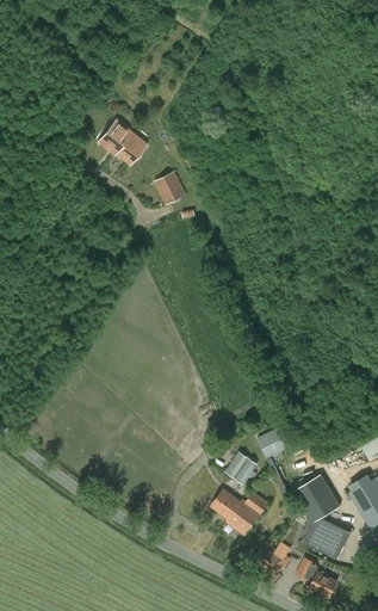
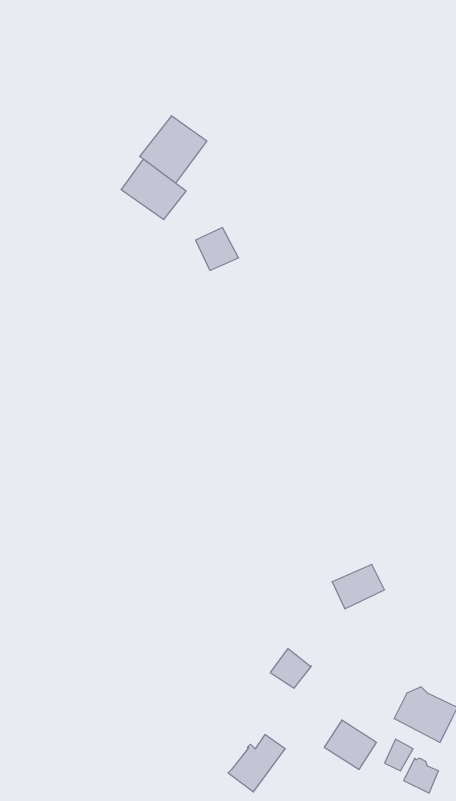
building: none -> [140,116,207,183]
building: [224,451,258,485] -> none
building: [293,474,340,521] -> none
building: [225,492,268,535] -> [228,735,285,792]

